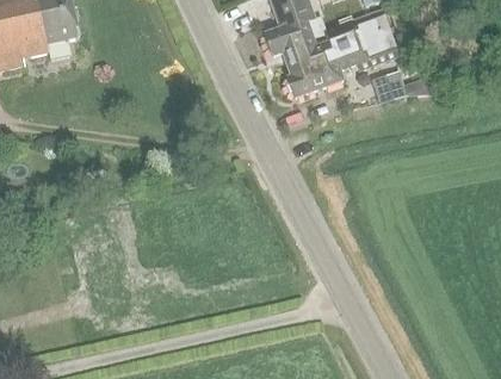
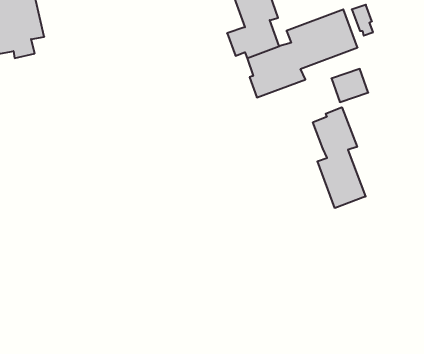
building: none -> [313,107,366,208]

